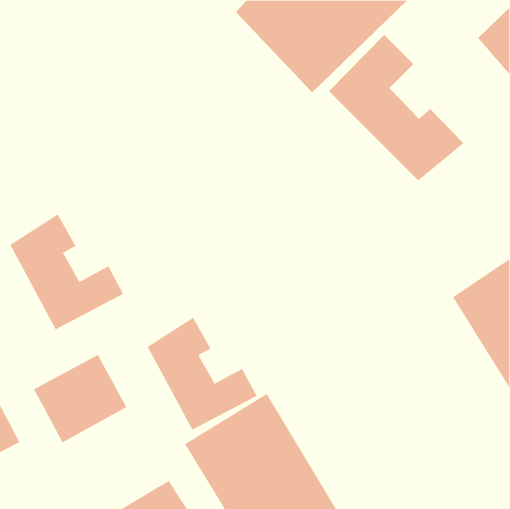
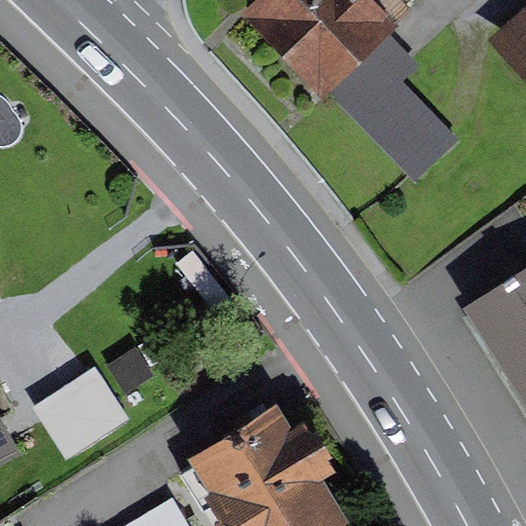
building: [9,214,124,330] -> none
building: [147,317,257,431] -> none

